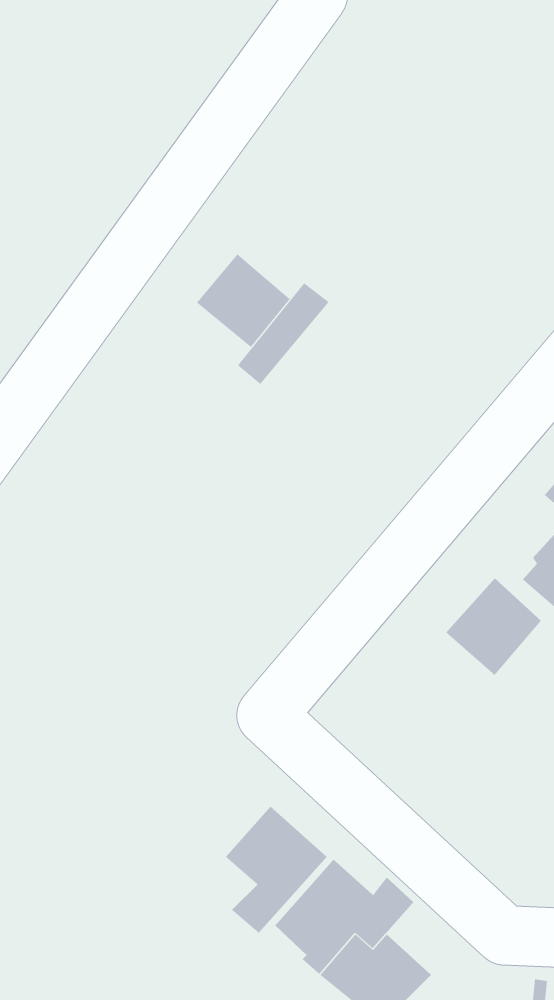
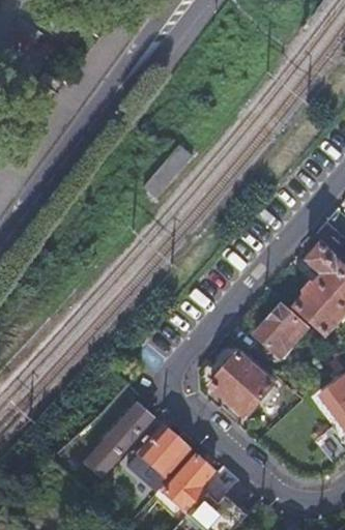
building: [196,253,290,348] -> none
building: none -> [210,355,270,416]
building: none -> [79,402,147,479]

